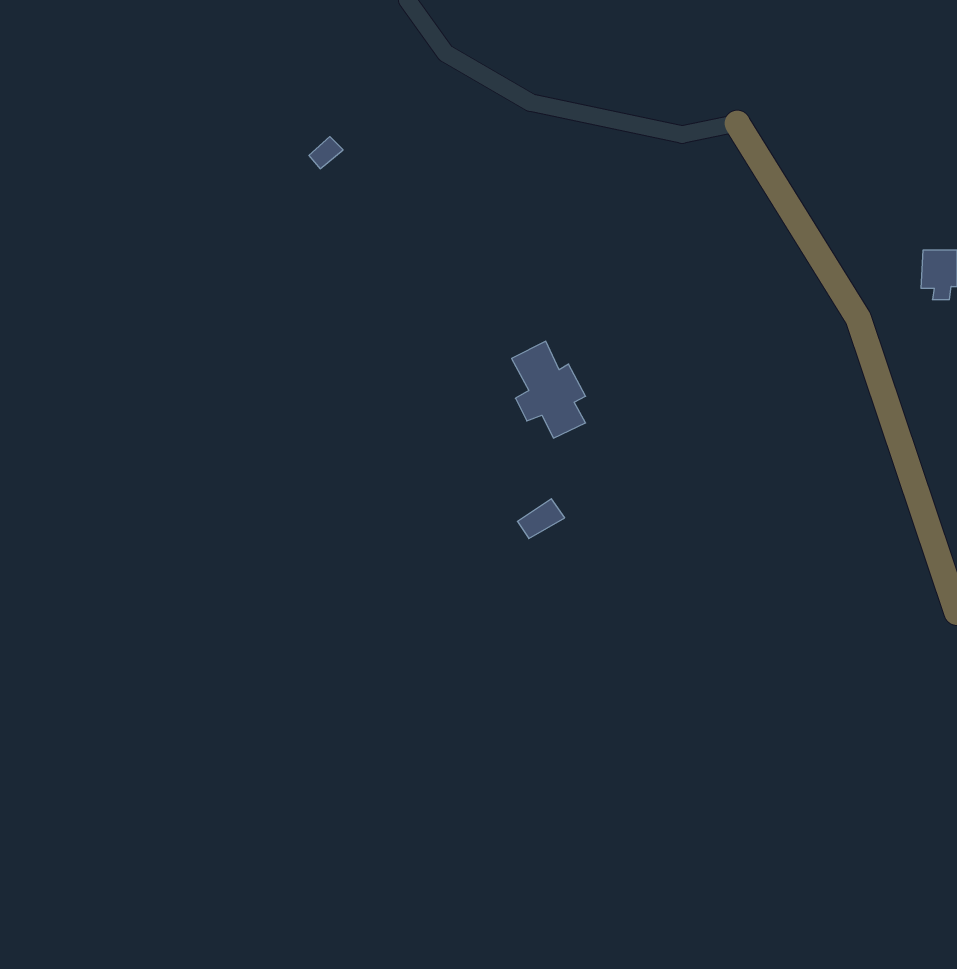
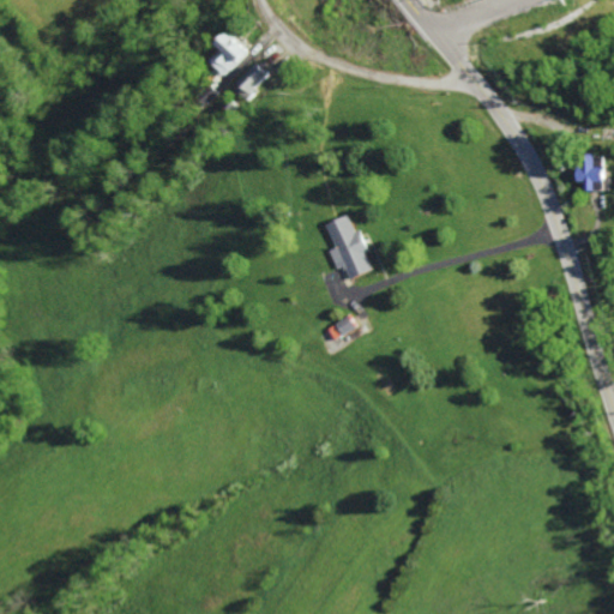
building: none -> [206,31,246,77]
building: none -> [233,65,269,100]

